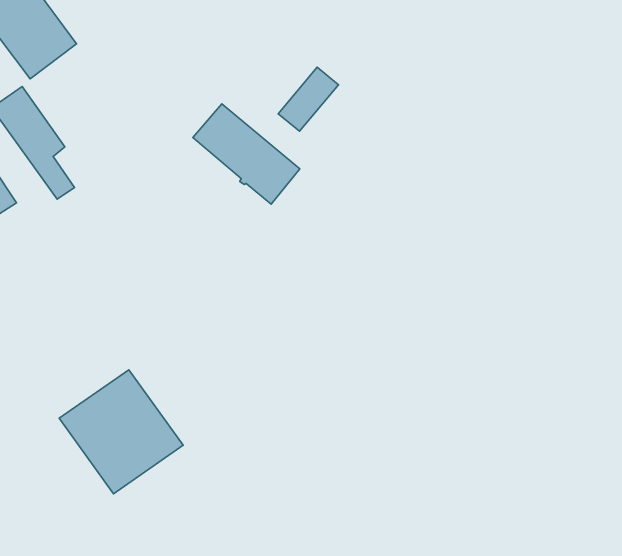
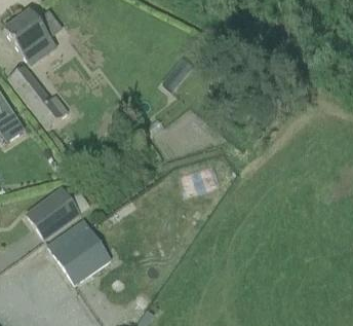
building: [193,104,300,204] -> none
building: none -> [28,188,81,240]

